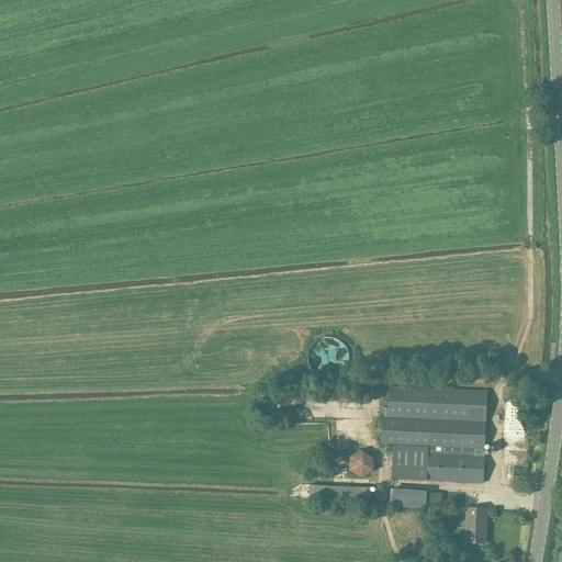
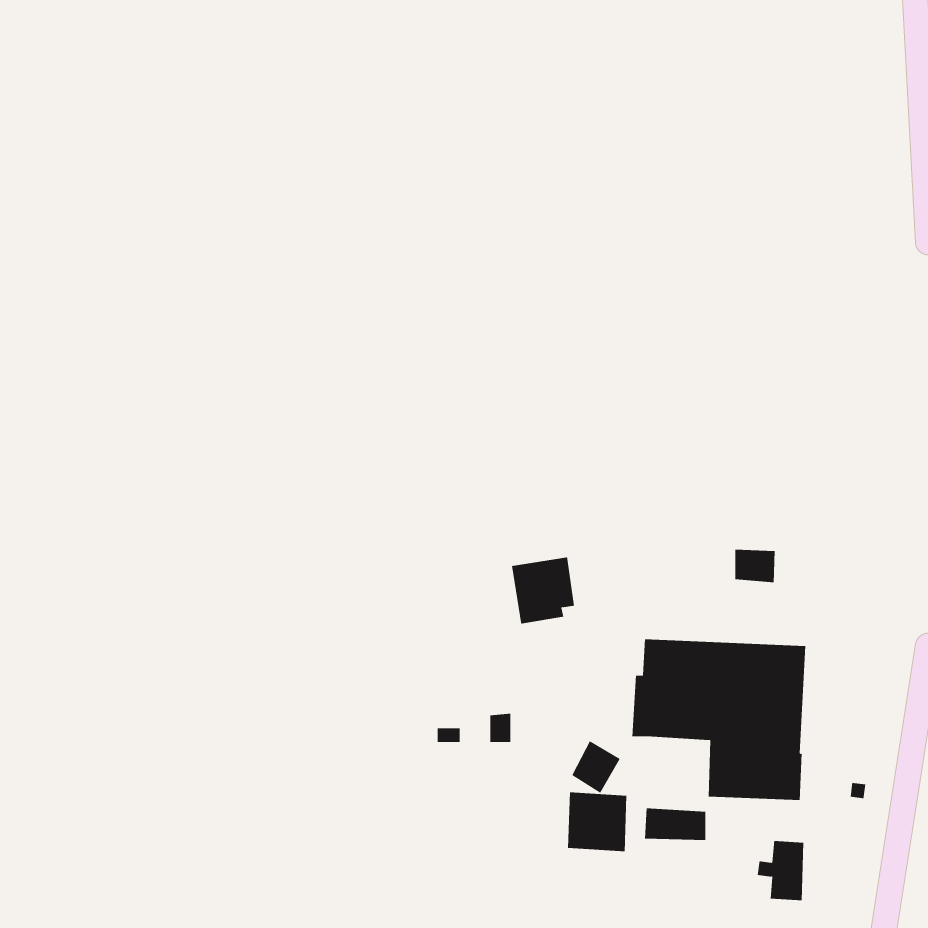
building: none -> [735,549,775,583]
building: [392,445,428,481] -> [567,792,627,852]

